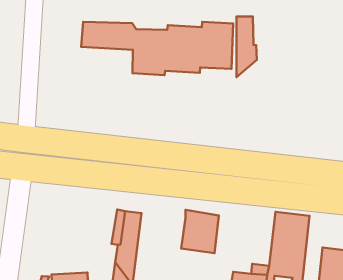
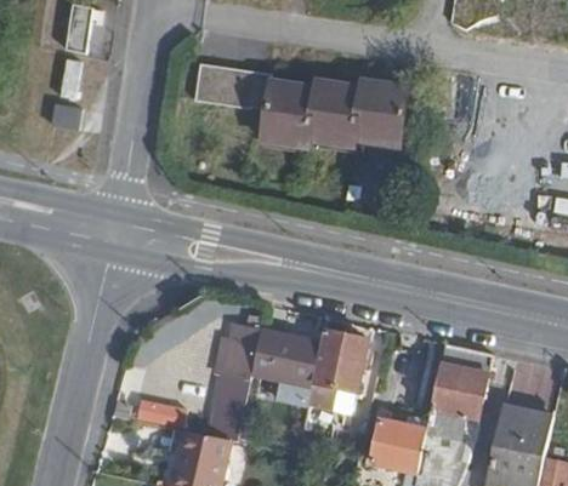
building: [236,16,257,77] -> none
building: none -> [250,332,319,388]

